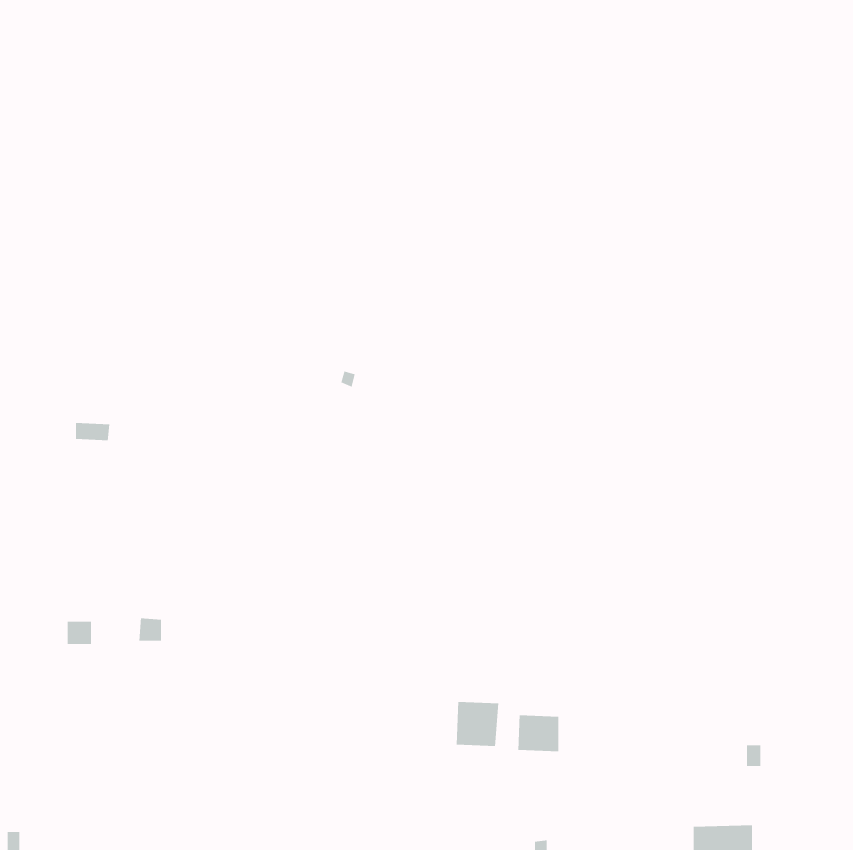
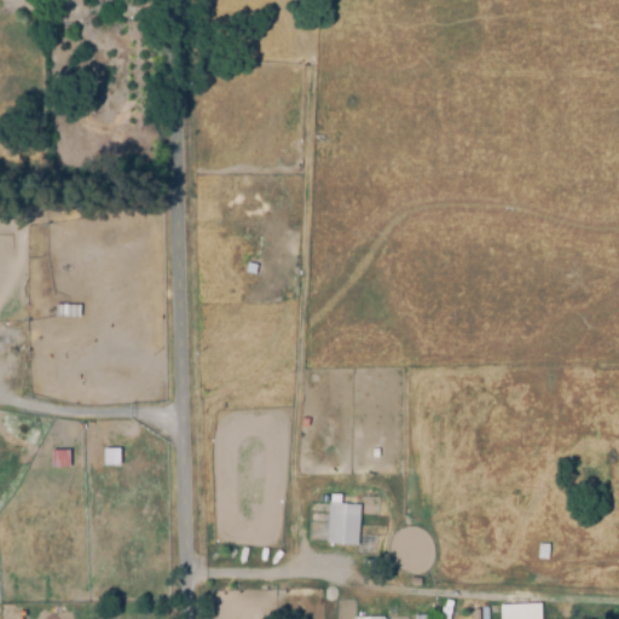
building: [518,715,559,752] -> none

